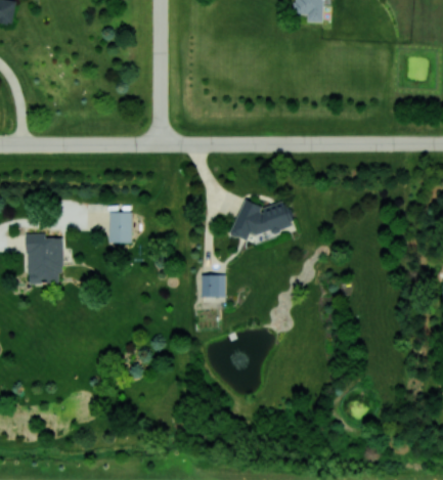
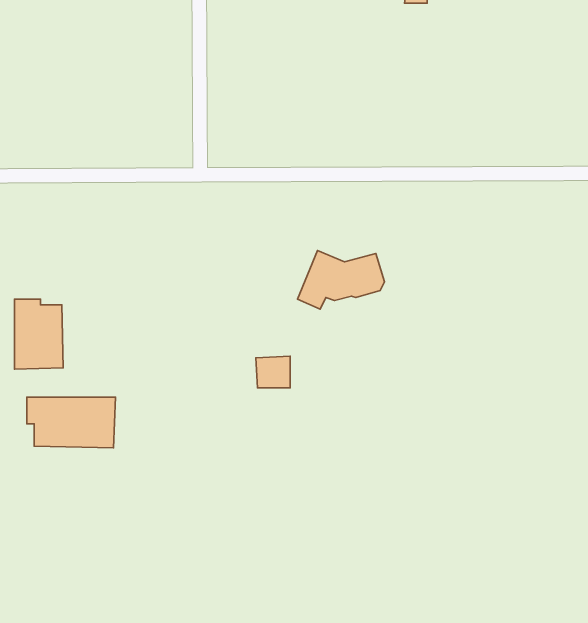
building: [108,213,132,244] -> none
building: none -> [27,397,115,448]

